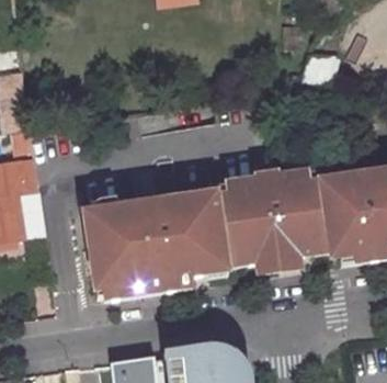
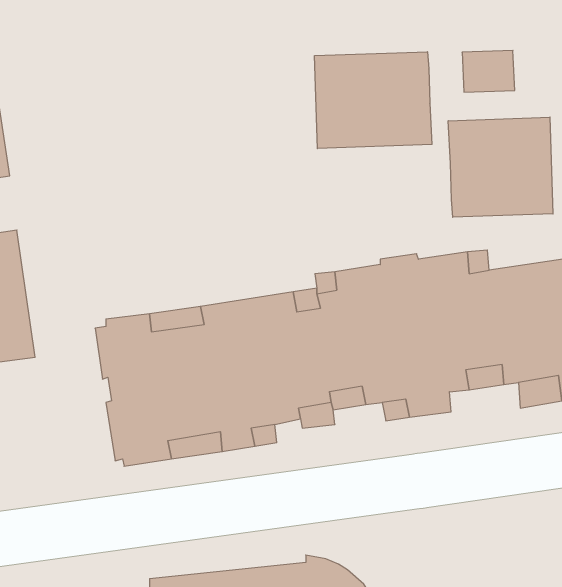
building: none -> [315,52,432,149]
building: none -> [448,117,553,217]

